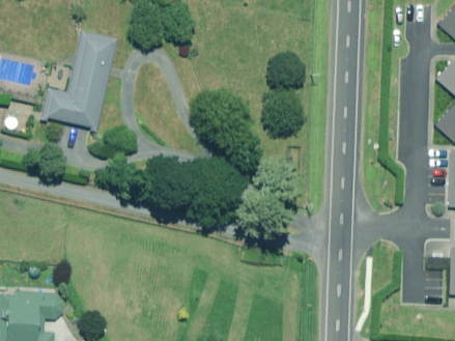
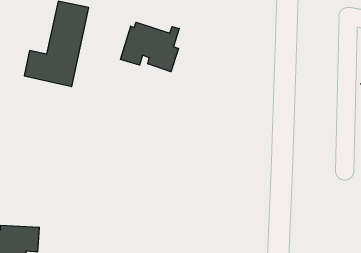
building: none -> [120,22,179,72]

